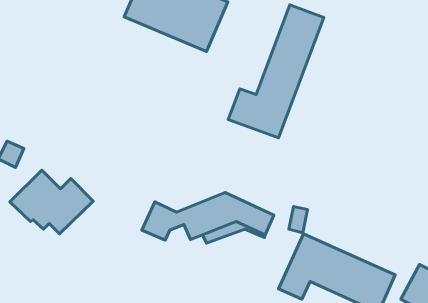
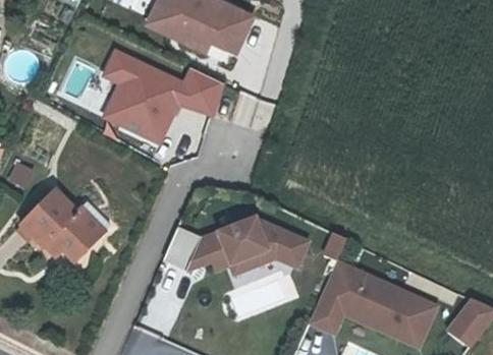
building: [228,5,324,138] -> none
building: none -> [99,49,225,143]

